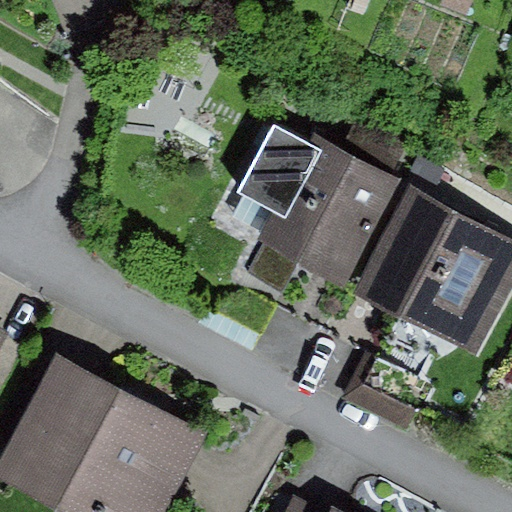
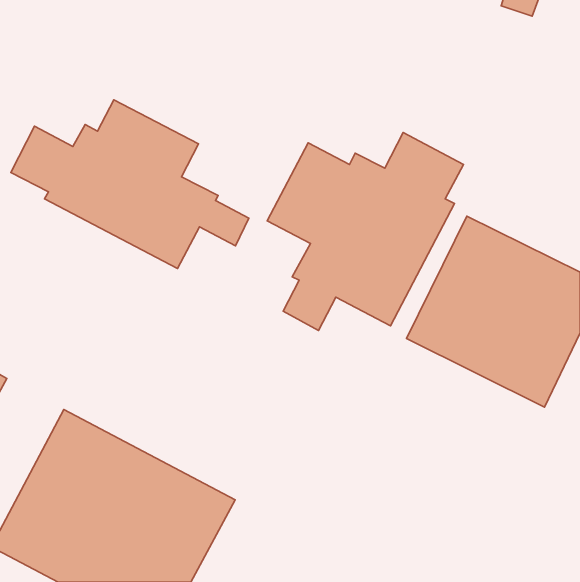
building: none -> [11,100,249,268]

